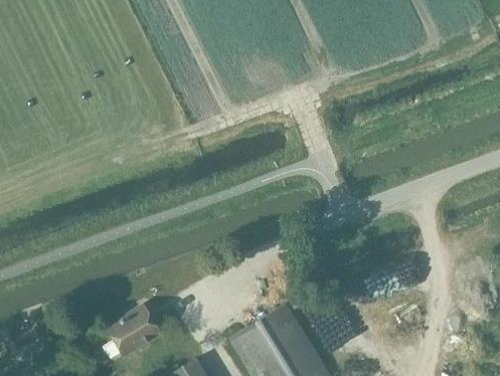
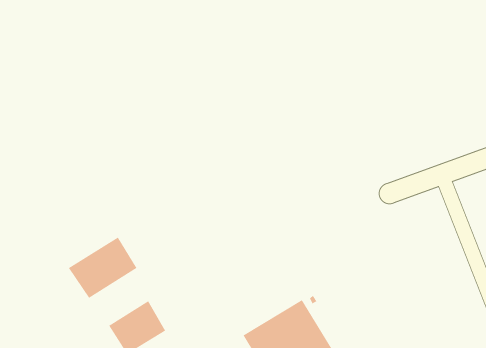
building: none -> [68,237,137,299]

